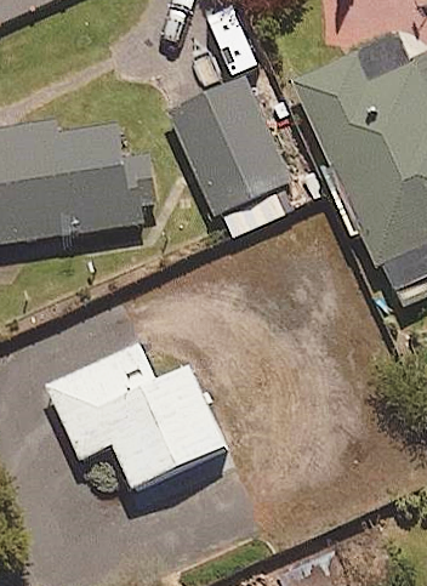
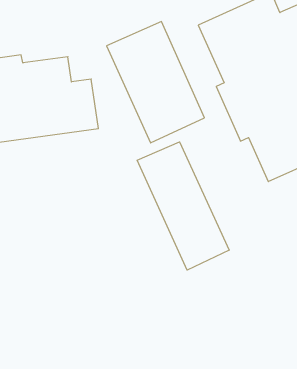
building: none -> [137,142,229,270]
building: [47,343,228,496] -> none

